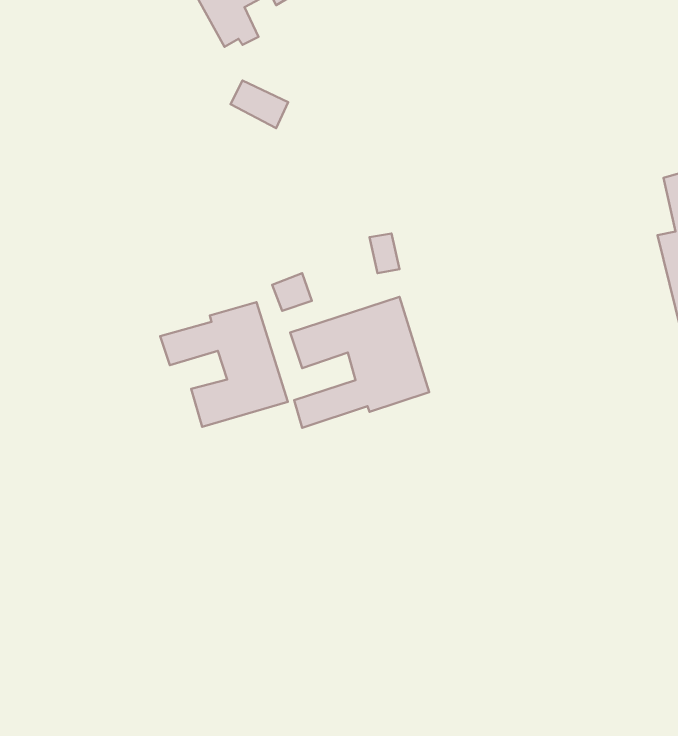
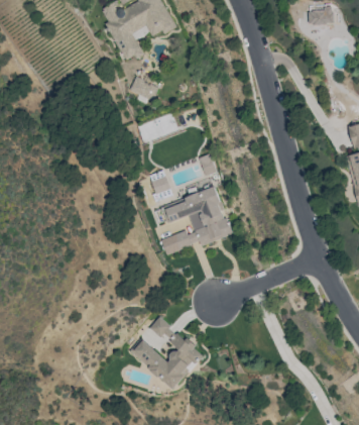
building: [160,302,288,427] -> none
building: none -> [128,317,203,388]

